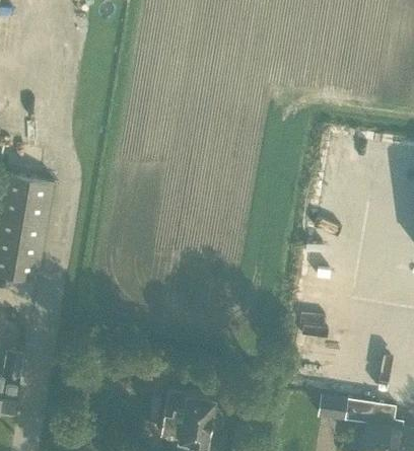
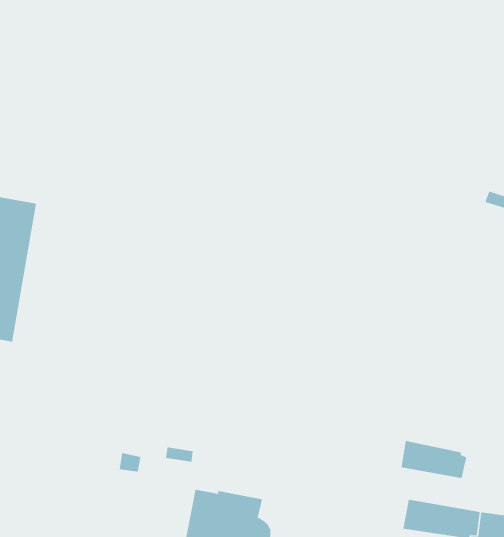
building: none -> [401,440,467,479]

